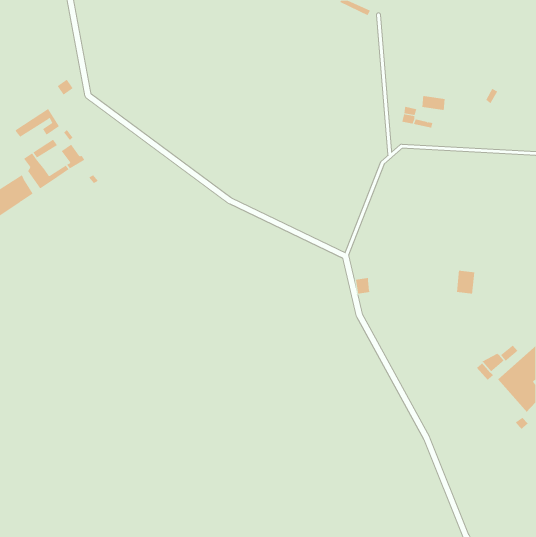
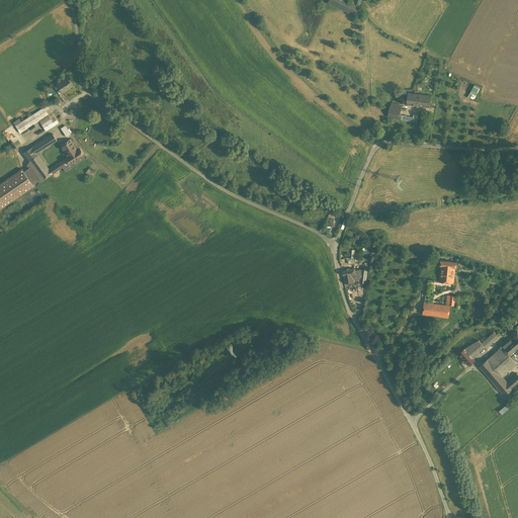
building: none -> [423,294,455,318]

